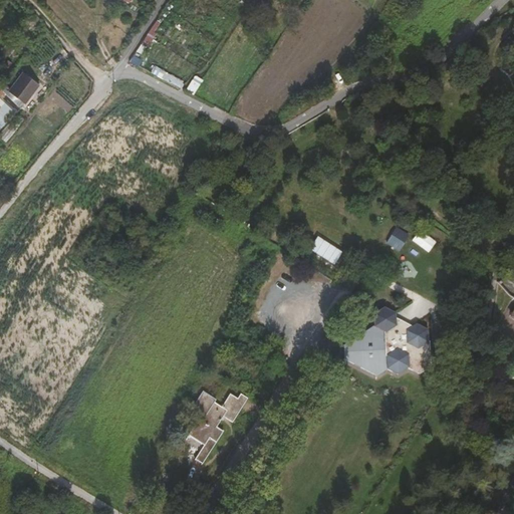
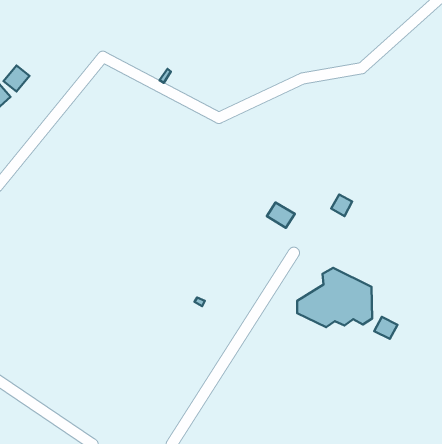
building: none -> [374,317,397,339]
building: [190,391,247,464] -> none

